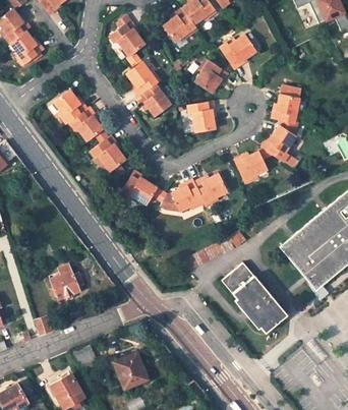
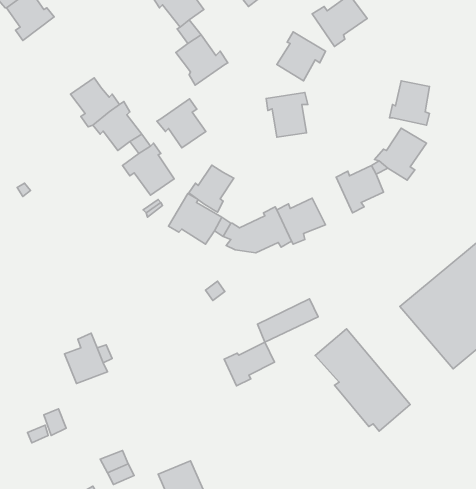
building: [137,81,171,115] -> [157,99,206,148]
building: none -> [189,165,234,212]
building: none -> [224,342,275,386]

